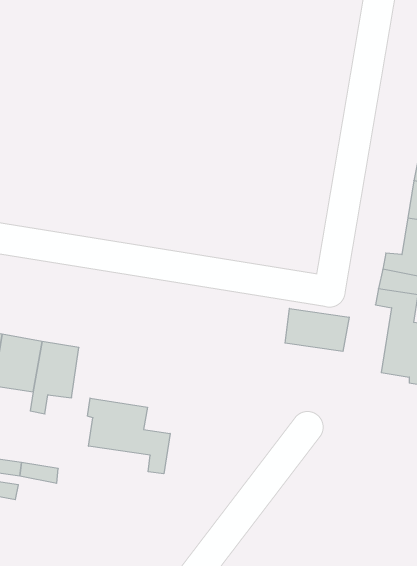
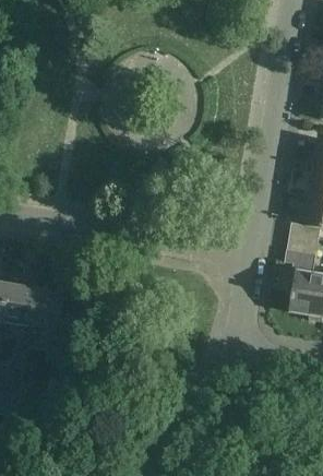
building: [285,308,349,351] -> none
building: [88,398,170,474] -> none

